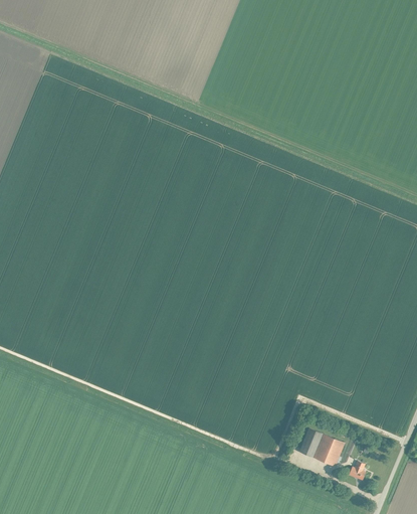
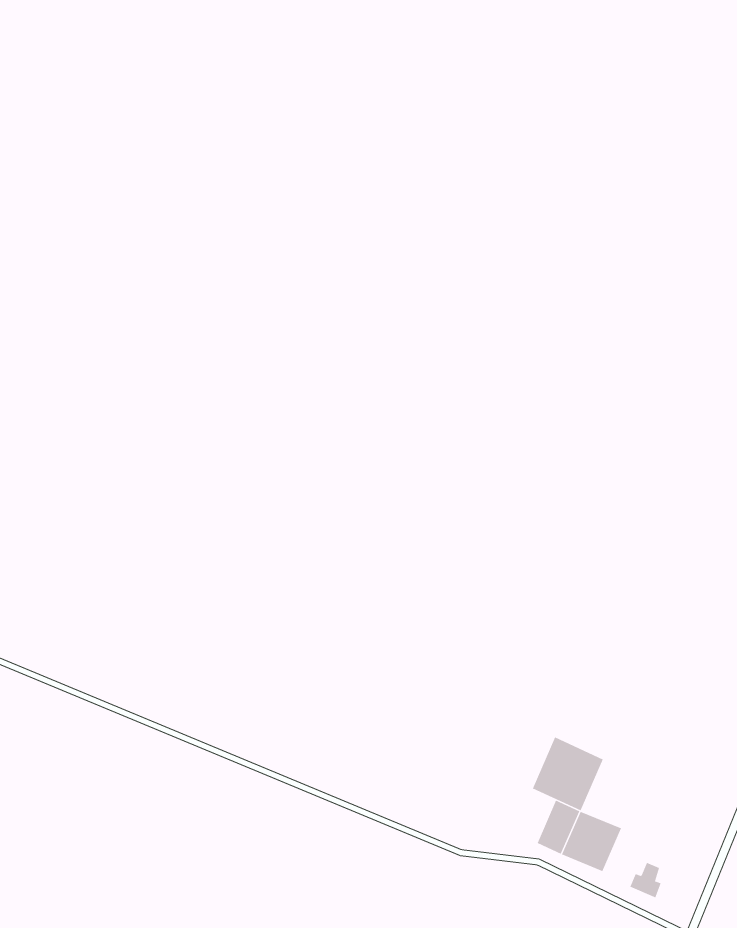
building: none -> [532,737,603,811]

